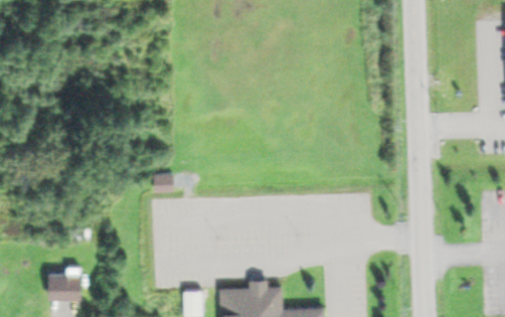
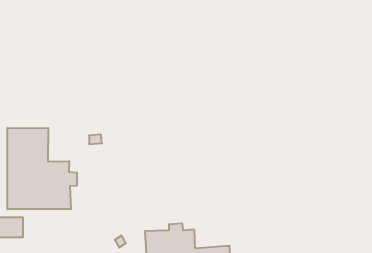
building: none -> [7,128,77,209]

